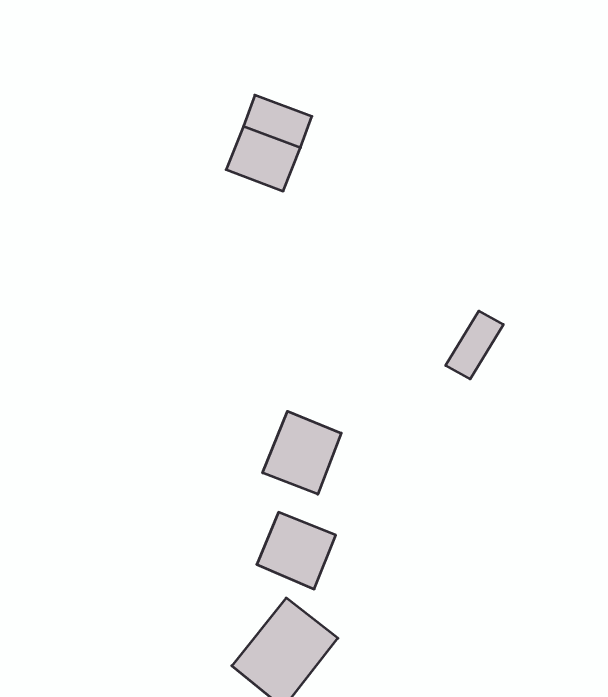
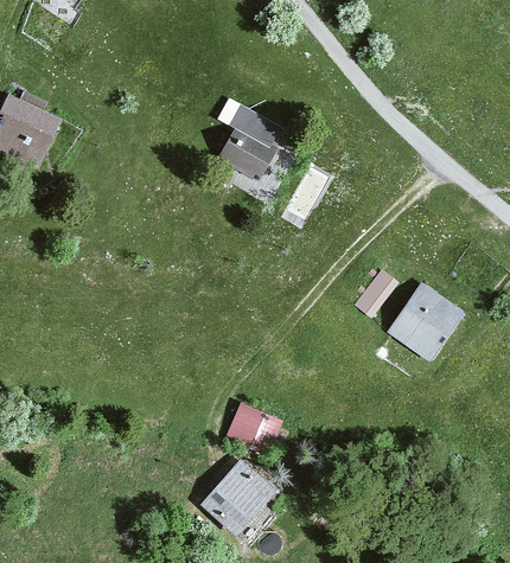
building: none -> [390,283,464,358]
building: [263,411,341,494] -> none

